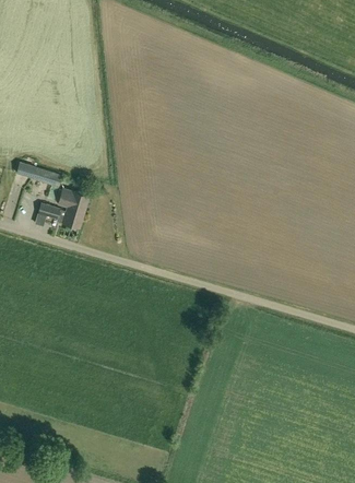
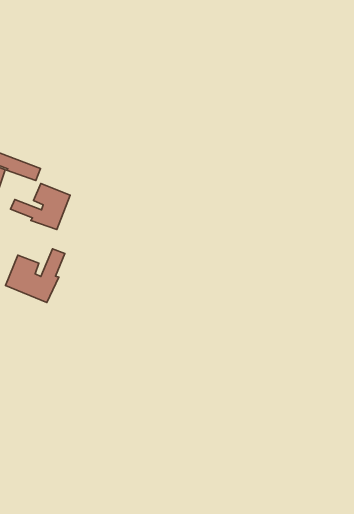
building: none -> [6,249,65,303]

